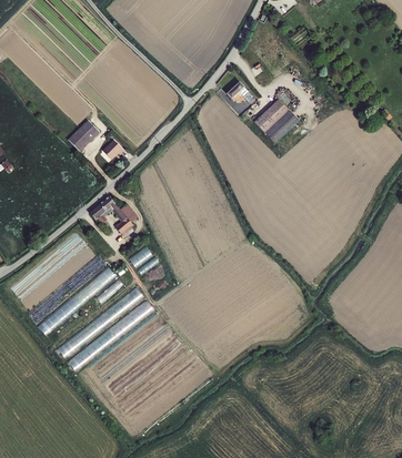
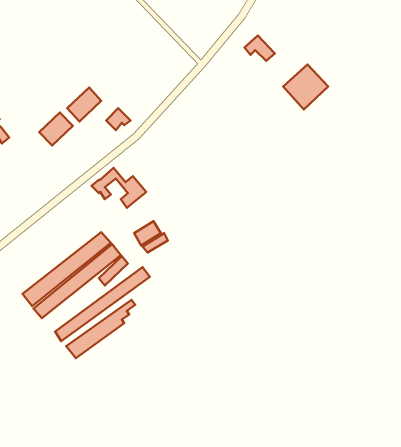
building: none -> [39,113,73,145]

